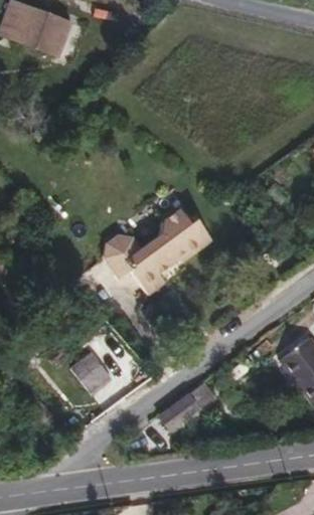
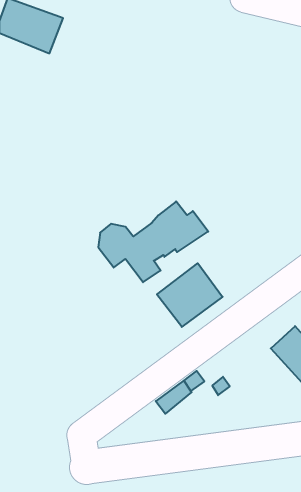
building: none -> [157,263,223,327]
building: [71,351,112,392] -> none

